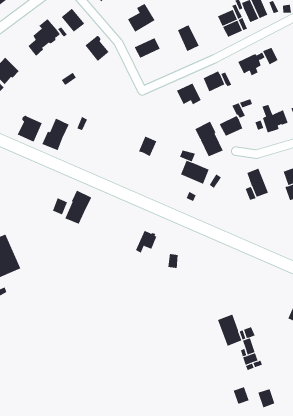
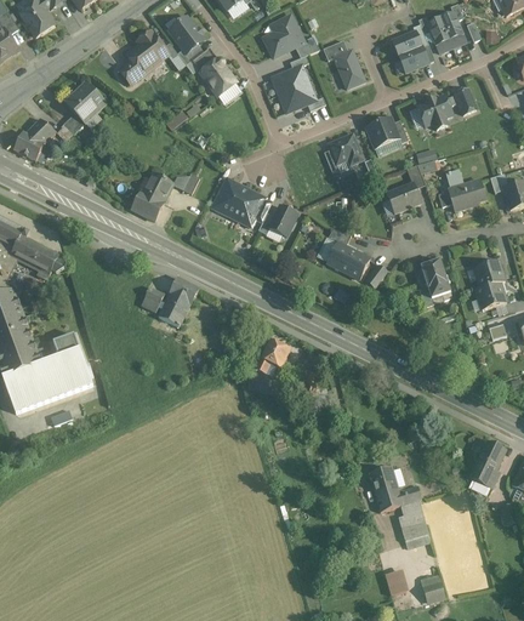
building: none -> [278,82,315,113]
building: [17,115,42,143] -> none
building: none -> [212,178,263,226]
building: [194,121,223,157] -> none

